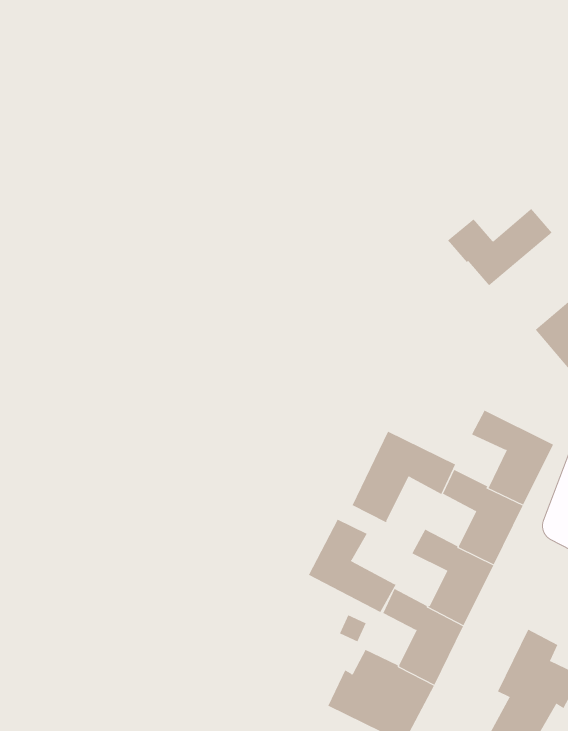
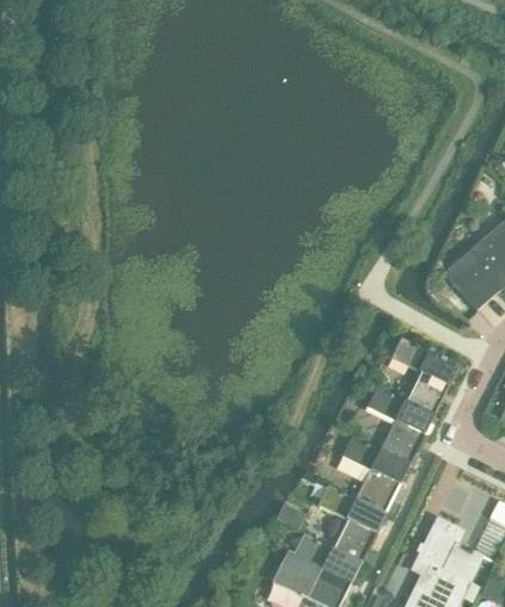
building: [447,209,552,286] -> none
building: [352,431,456,523] -> none
building: [308,519,397,613] -> none

